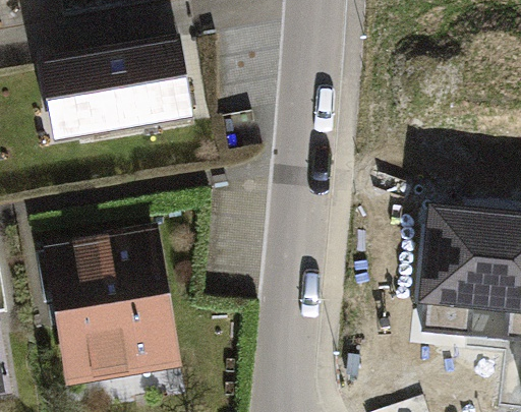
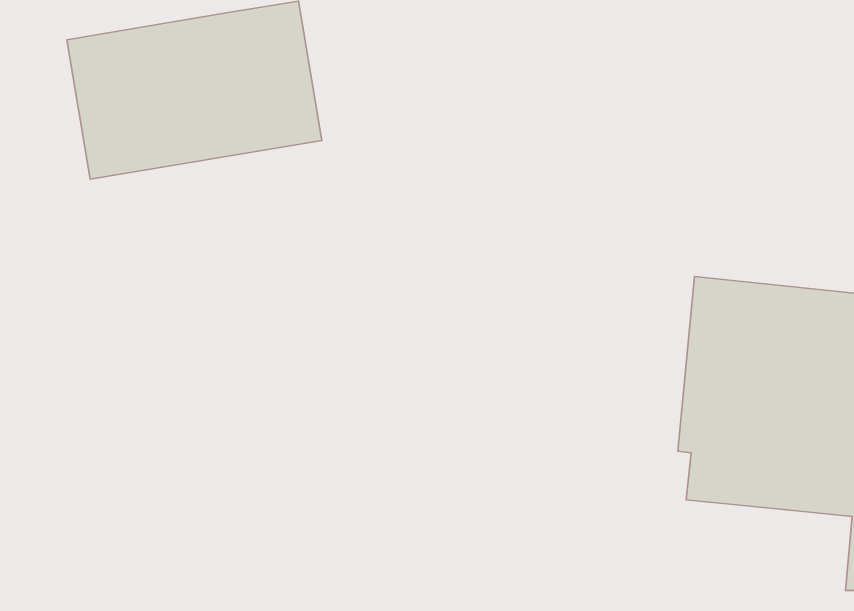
building: [50,233,173,380] -> none

